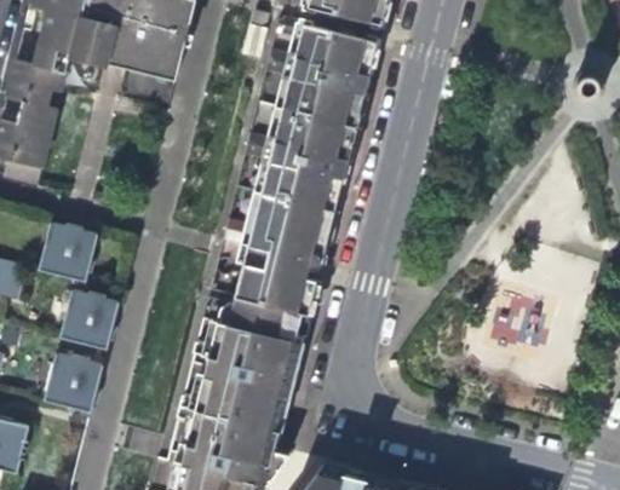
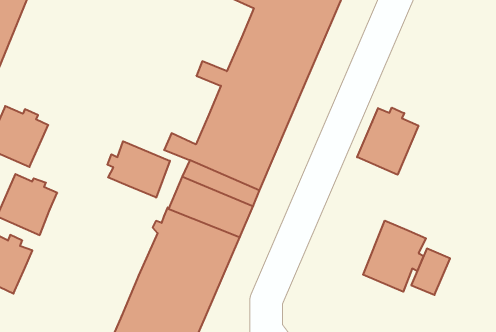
building: none -> [357,108,418,175]
building: none -> [107,141,170,198]
building: none -> [363,221,426,292]

